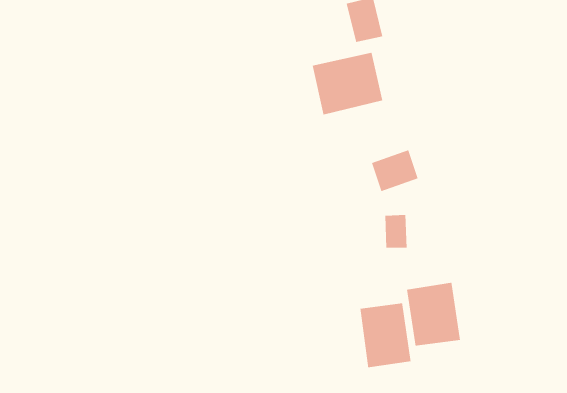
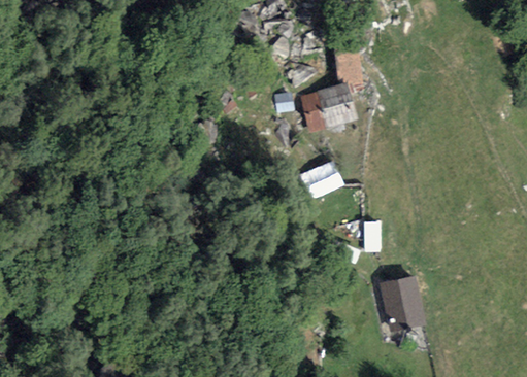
building: [371,149,418,192] -> [302,160,342,196]
building: [360,302,411,368] -> none

